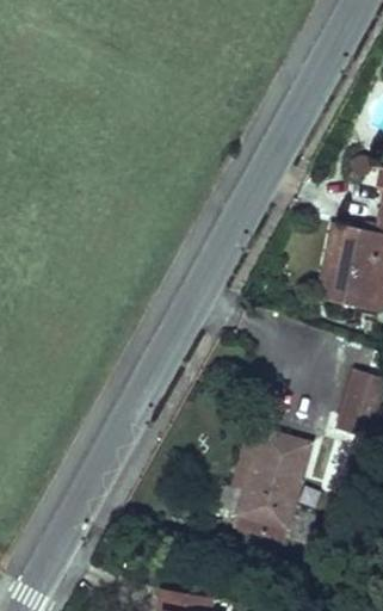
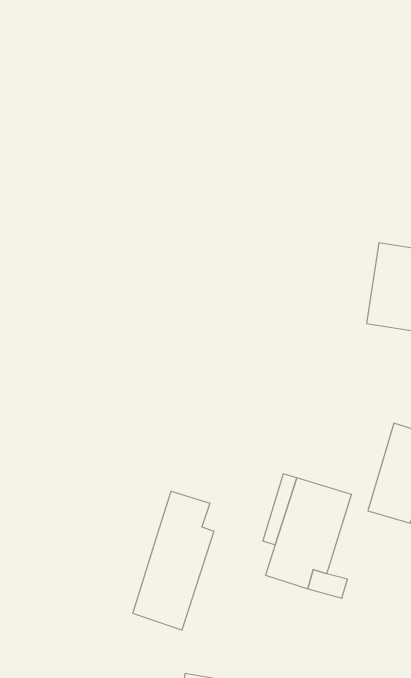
building: none -> [133,491,214,630]

